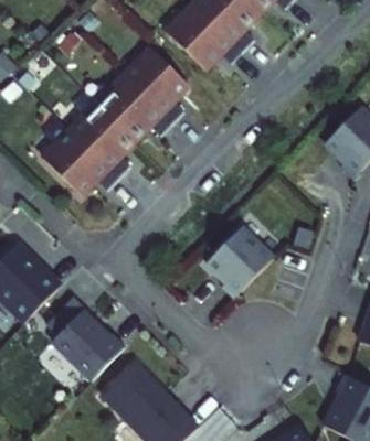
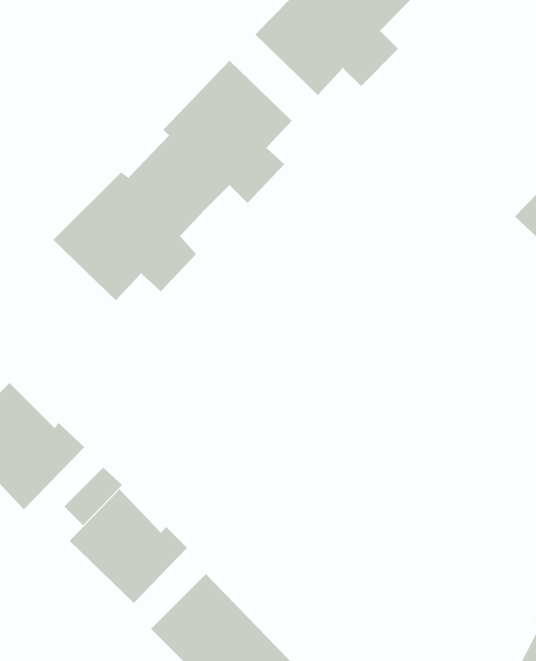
building: [205,227,273,298] -> none

